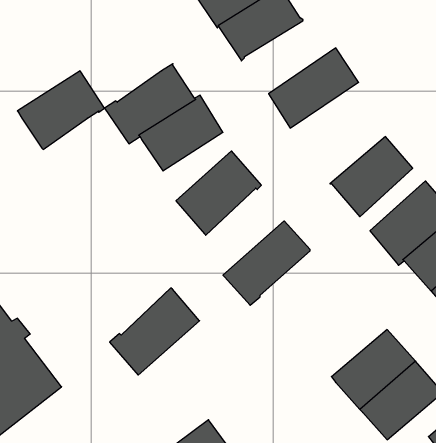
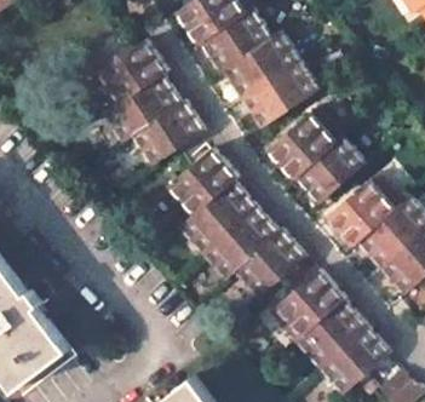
building: none -> [223,30,300,99]
building: [17,71,104,149] -> [93,40,167,107]
building: none -> [269,108,343,178]
building: none -> [236,229,305,297]
building: [110,288,200,375] -> [180,179,257,253]
building: none -> [271,269,345,339]

